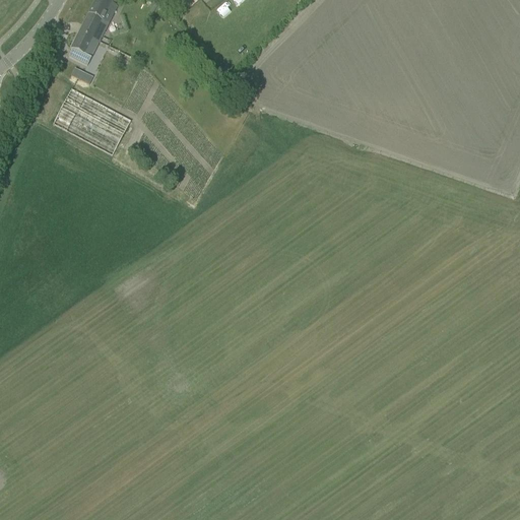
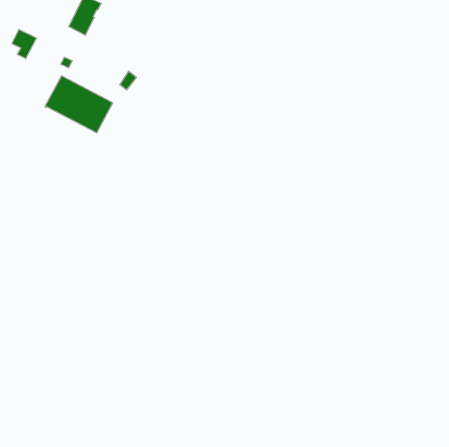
building: [71,30,100,64] -> [12,29,37,58]

